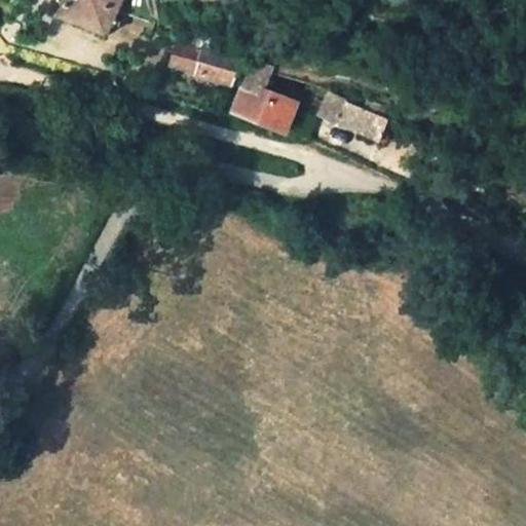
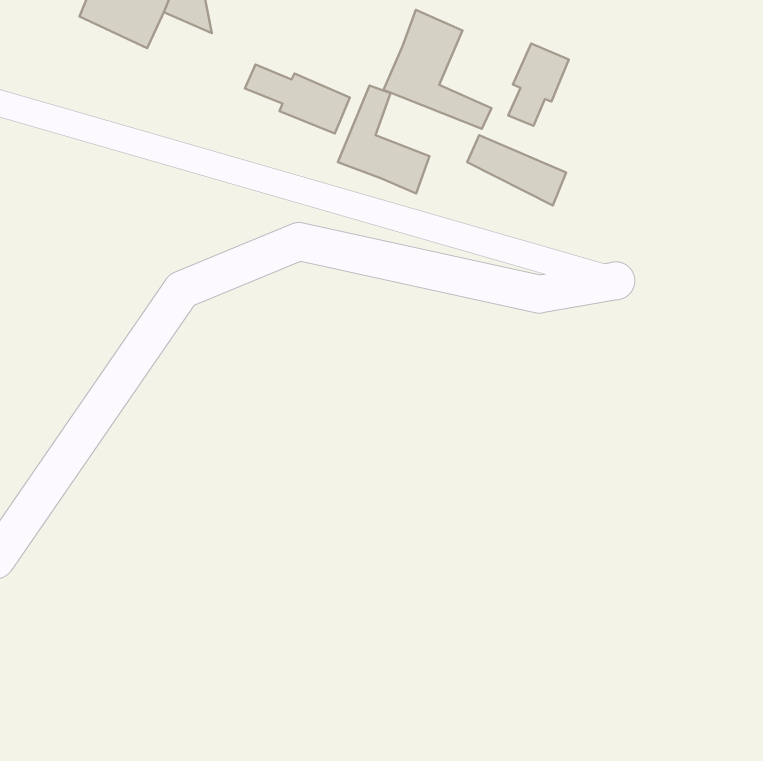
building: none -> [384,10,491,129]
building: none -> [508,43,569,126]

